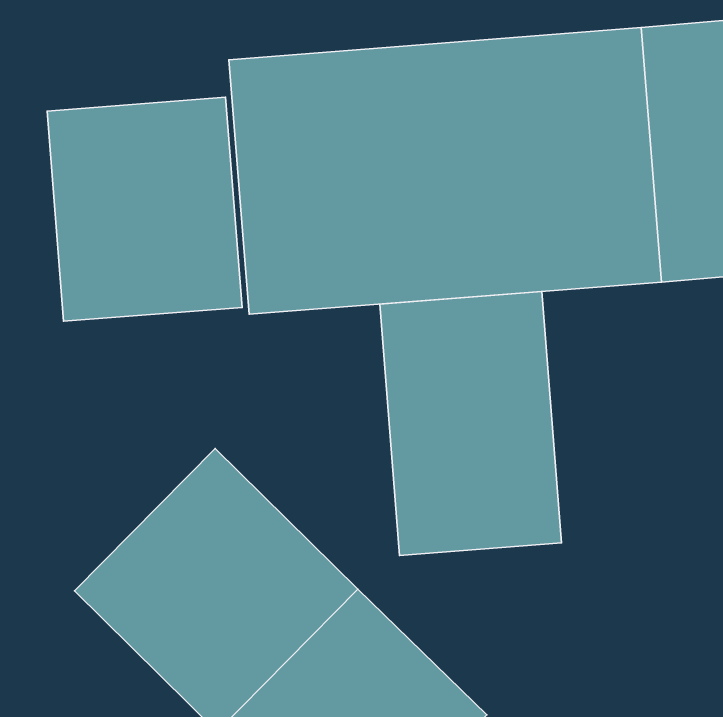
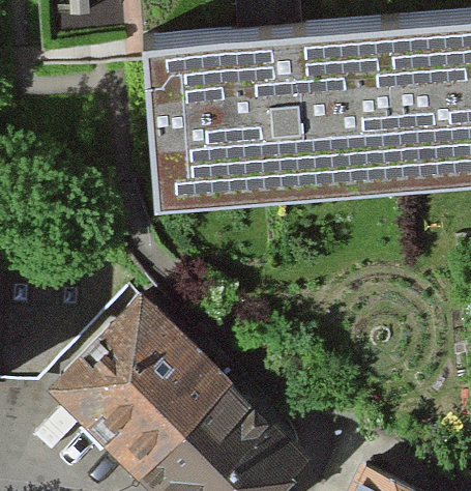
building: [47,97,242,321] -> none
building: [380,291,562,555] -> none

